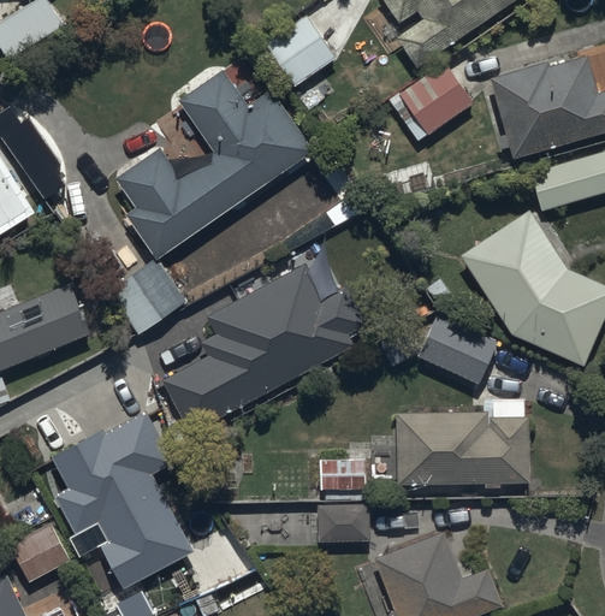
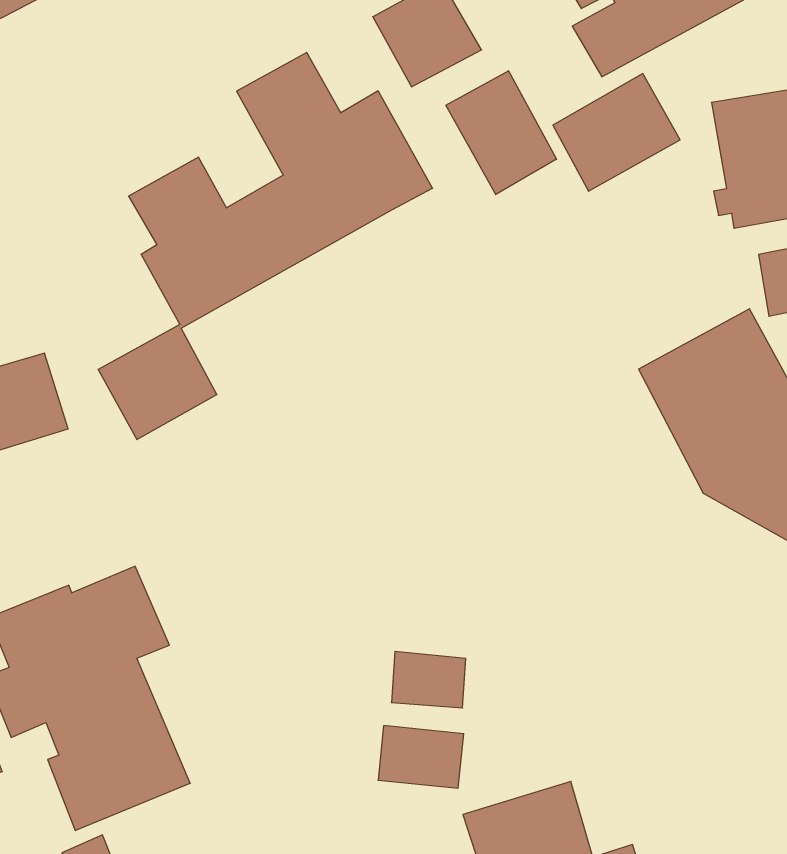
building: none -> [446,71,557,195]
building: [164,266,367,434] -> none
building: [410,312,498,384] -> none
building: [397,402,530,486] -> none

